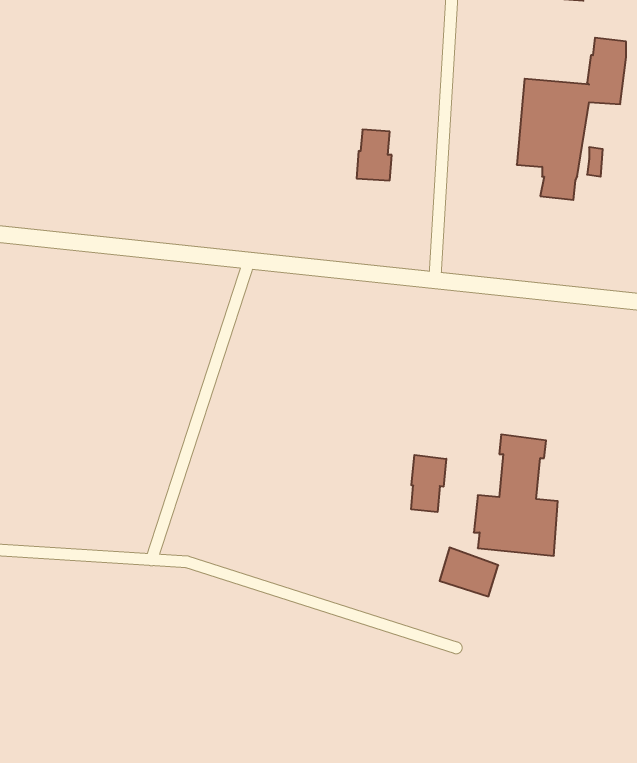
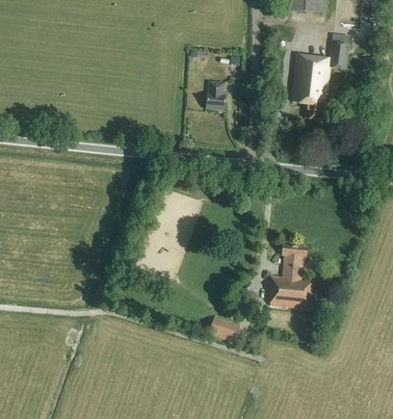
building: [411,455,446,512] -> none
building: [440,548,498,596] -> [208,315,239,341]

